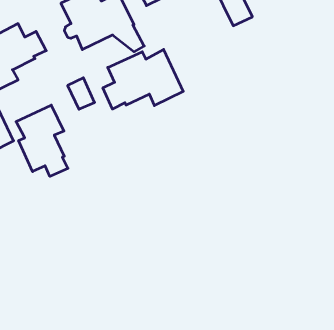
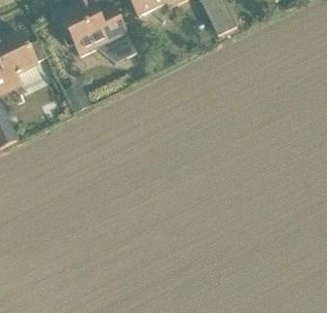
building: [103,49,183,109] -> none
building: [16,105,68,176] -> none

